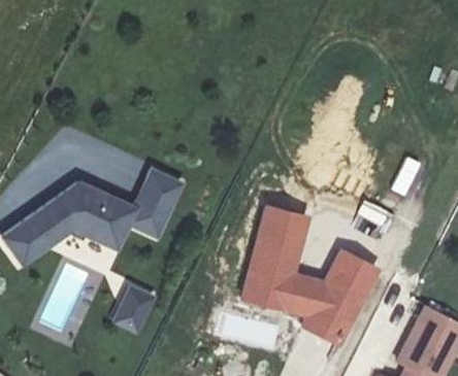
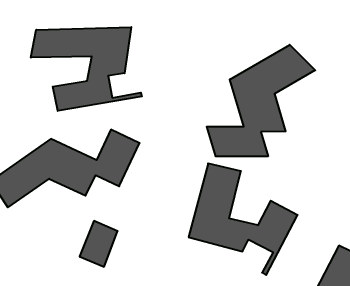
building: none -> [31,27,142,111]
building: none -> [207,45,315,156]

